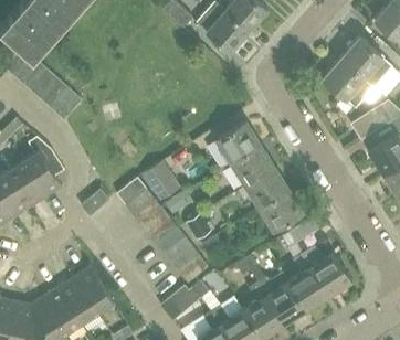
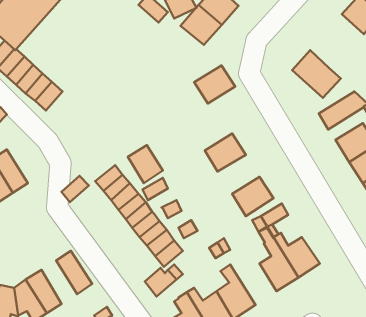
building: [341,38,392,87] -> none
building: [217,123,260,162] -> [194,65,235,103]
building: [23,136,64,196] -> none
building: [244,167,288,208] -> none
building: [257,273,306,323] -> none
building: [60,277,97,322] -> none

